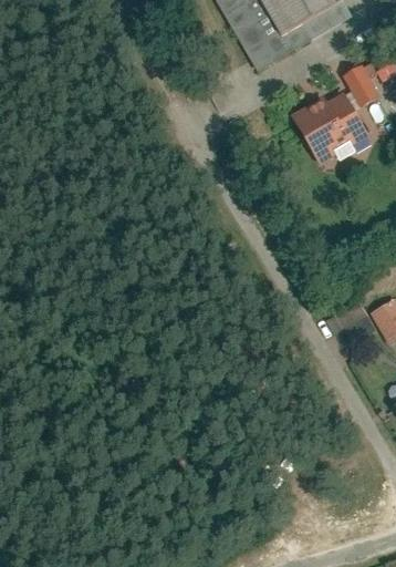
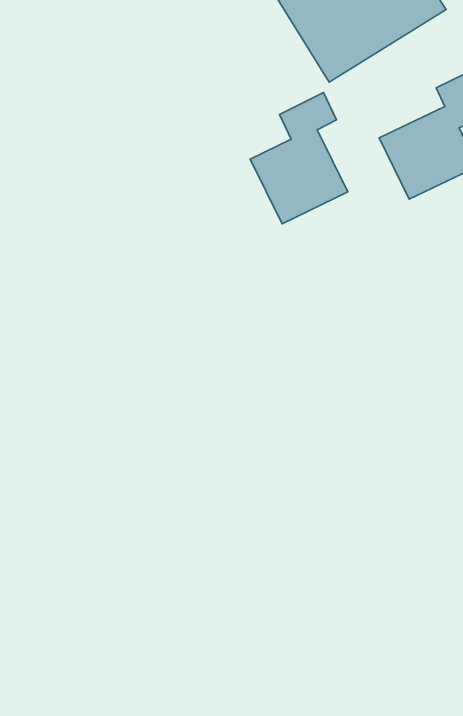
building: none -> [250,93,348,224]

